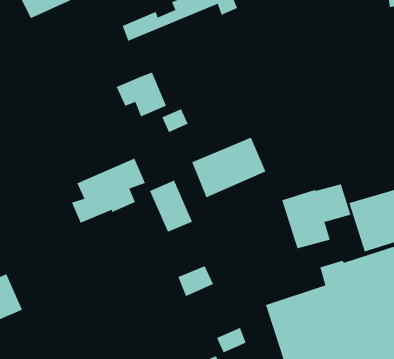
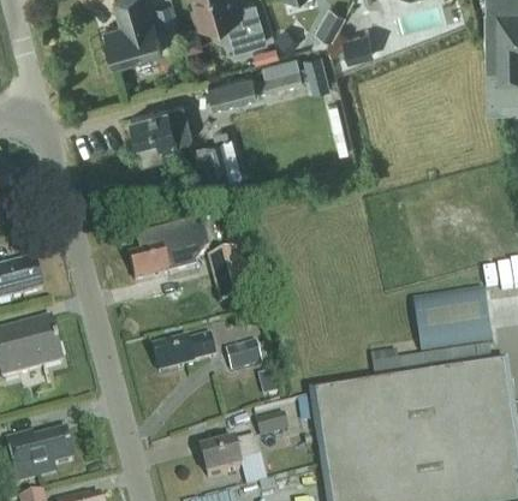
building: none -> [131,101,190,160]
building: [192,137,266,198] -> none
building: [282,184,351,249] -> none
building: none -> [154,334,215,370]

